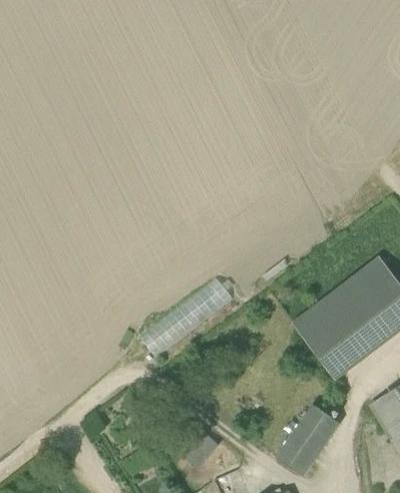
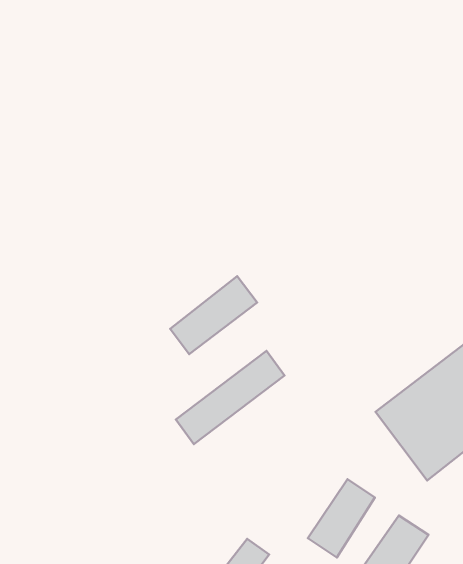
building: none -> [170,276,257,354]
building: none -> [308,479,375,558]

